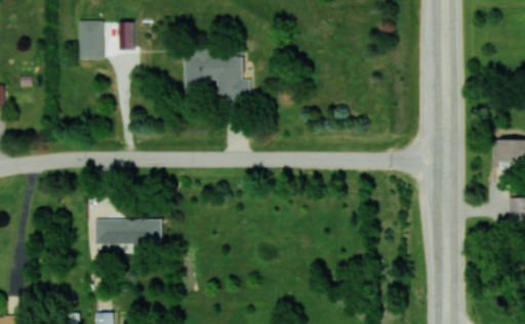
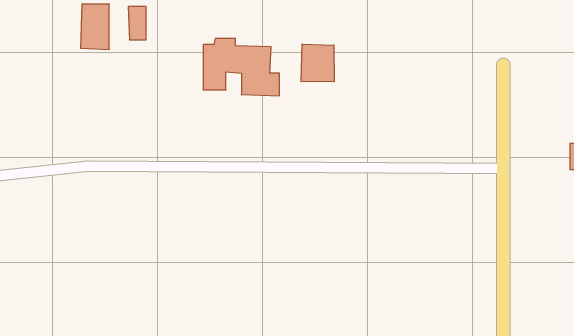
building: none -> [301,44,334,82]
building: [93,218,161,255] -> none

